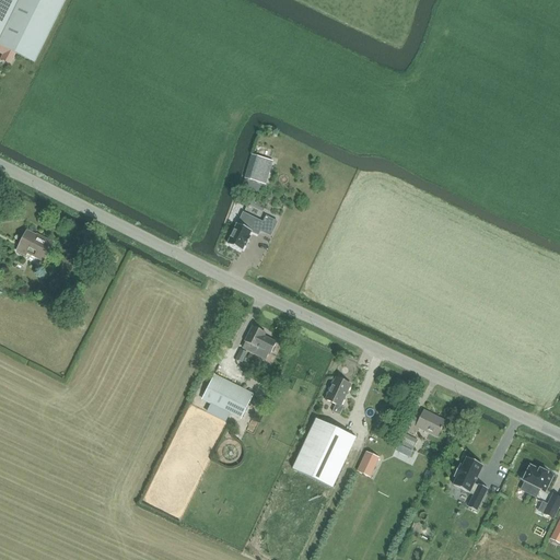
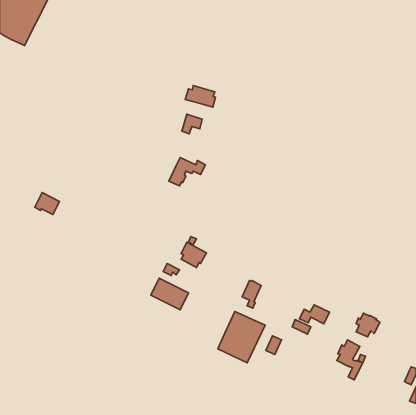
building: none -> [185,86,216,107]
building: [16,229,49,258] -> [35,193,59,215]
building: [520,464,551,495] -> [356,313,380,337]

